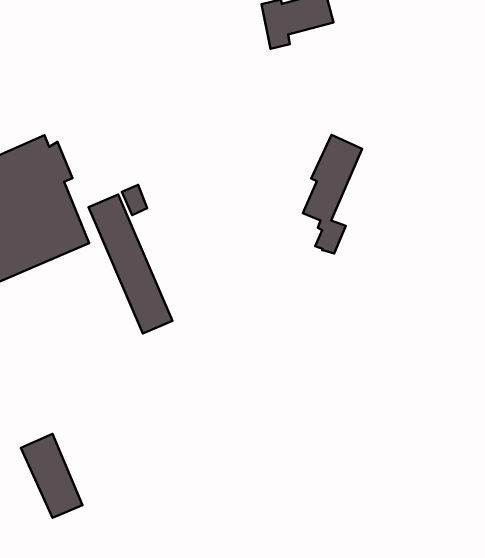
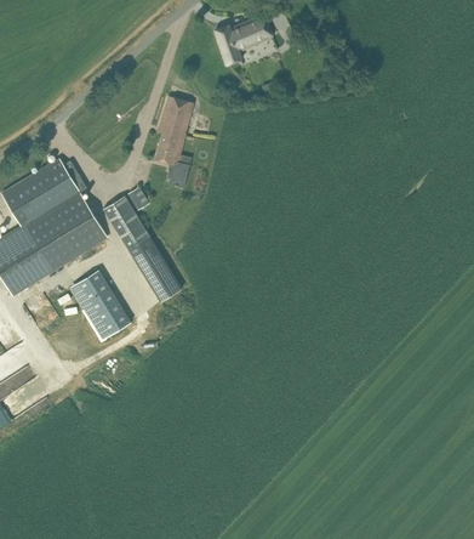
building: [303,135,362,254] -> [155,96,194,188]
building: [21,434,82,518] -> [74,270,129,335]

